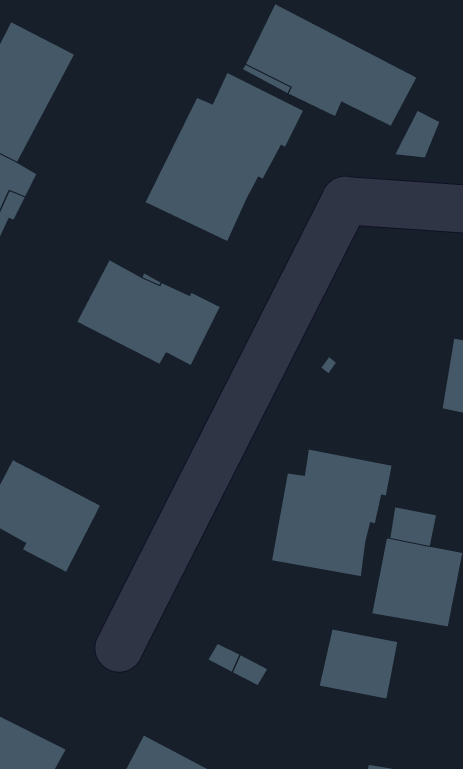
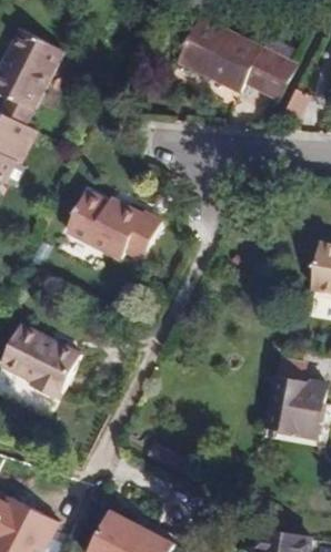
building: [145,72,304,242] -> none
building: [272,449,392,577] -> none
building: [319,629,398,699] -> none

